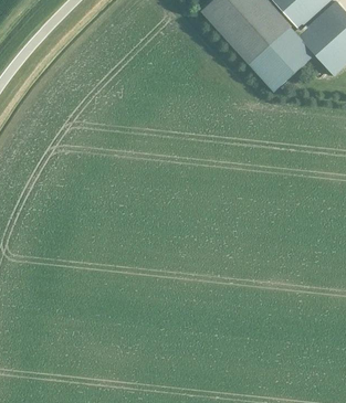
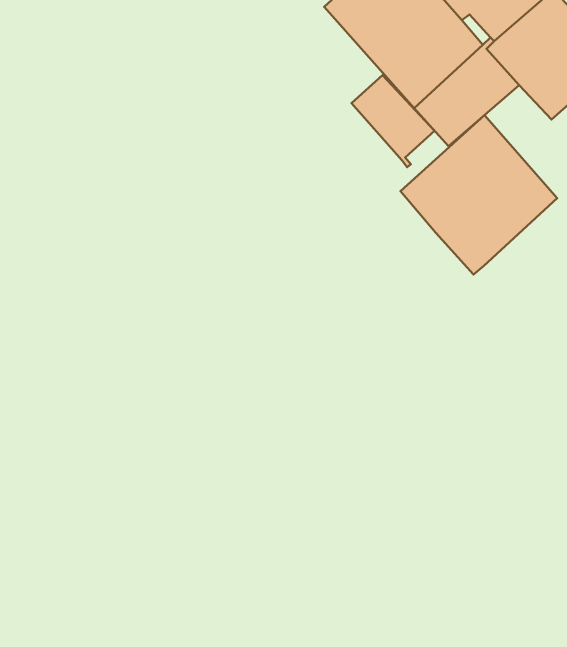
building: none -> [351,75,435,167]
building: none -> [401,115,557,274]

